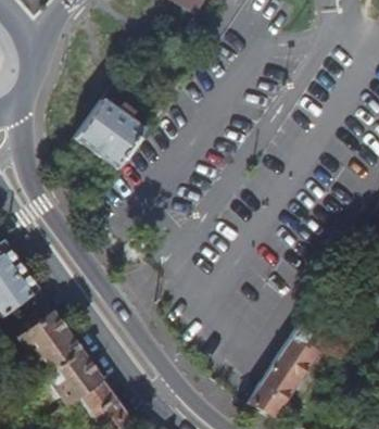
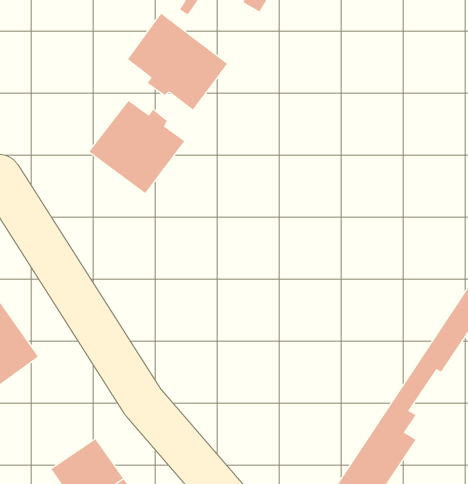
building: none -> [127,13,228,110]
building: [22,315,81,376] -> none

